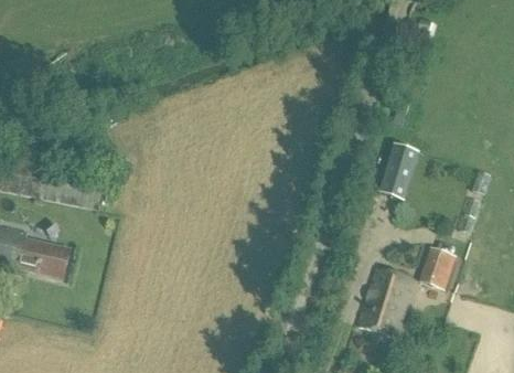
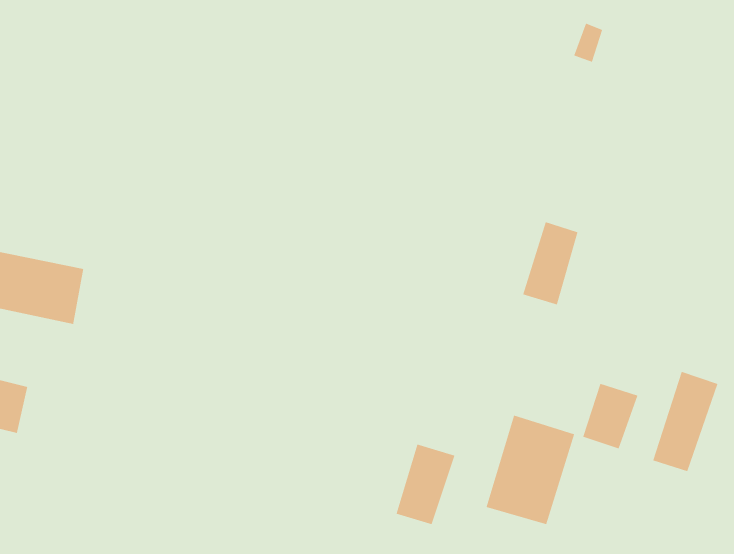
building: none -> [652,371,718,472]
building: none -> [395,443,455,525]

